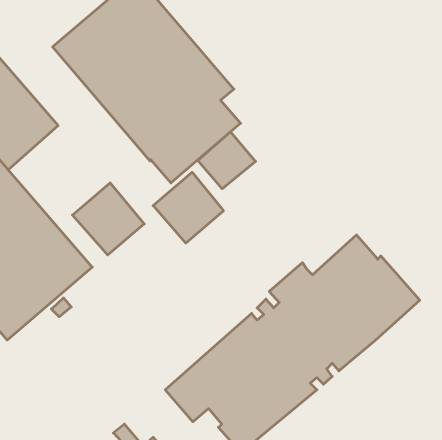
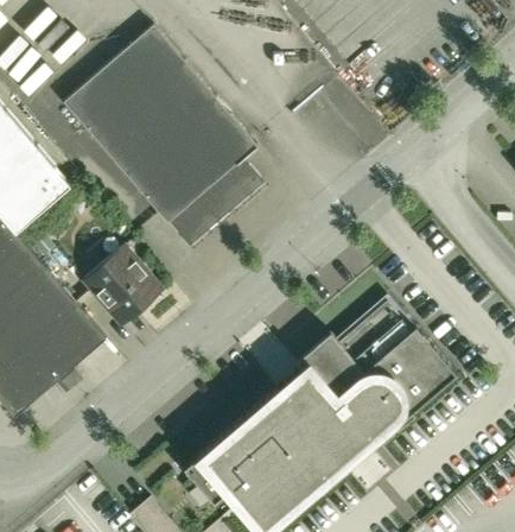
building: [198,132,256,189] -> none
building: [153,172,223,243] -> none

